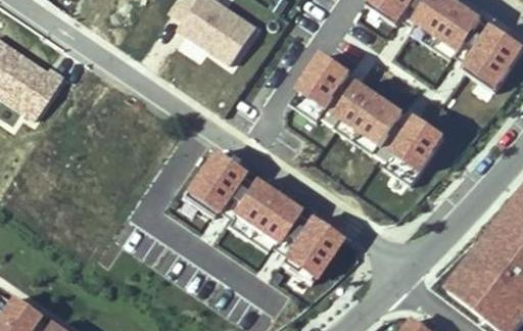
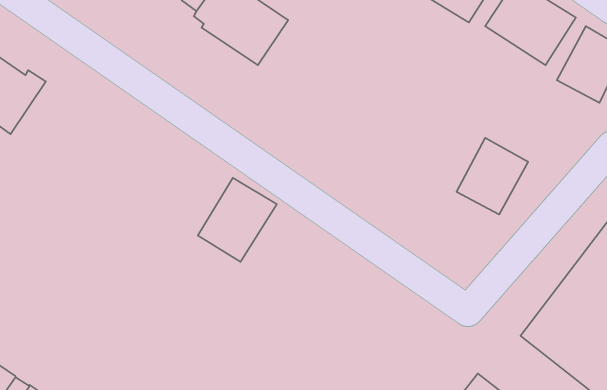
building: [288,50,352,119] -> none
building: [335,84,410,153] -> none
building: [230,188,304,257] -> none
building: [288,227,346,288] -> none

